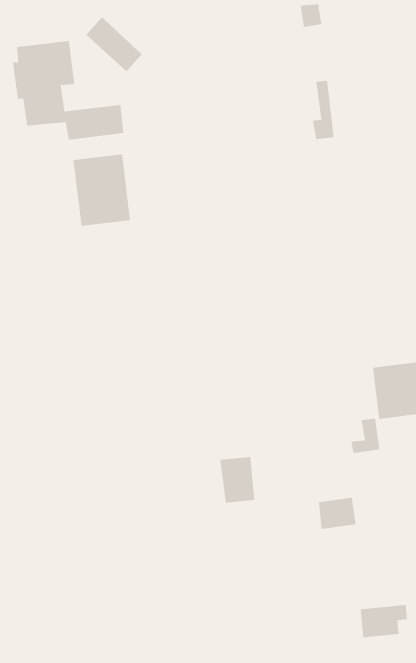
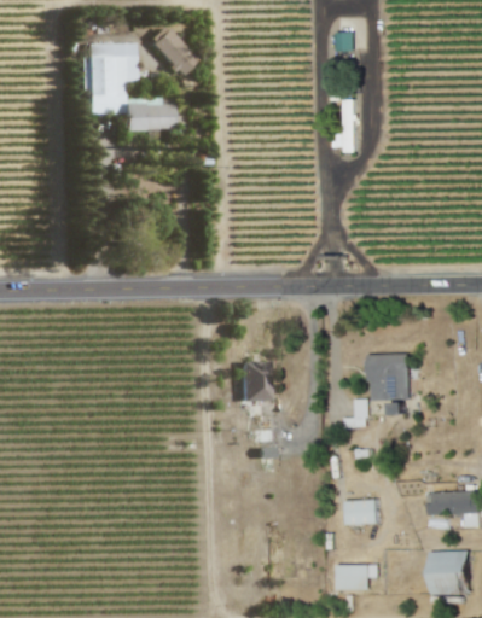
building: [73,154,131,227] -> none
building: [220,457,255,503] -> [240,361,268,400]
building: [318,497,356,529] -> [348,499,379,524]

